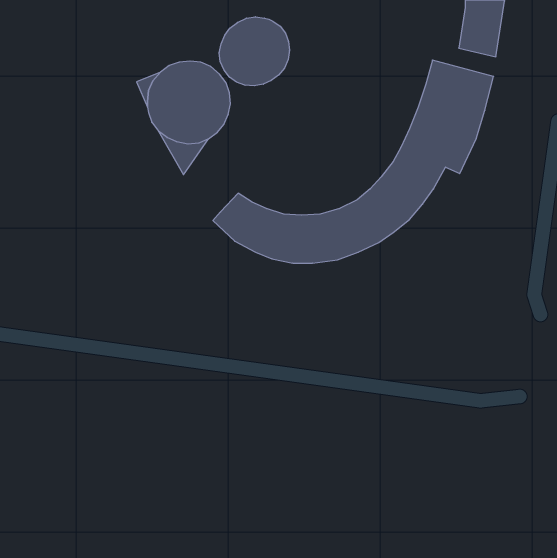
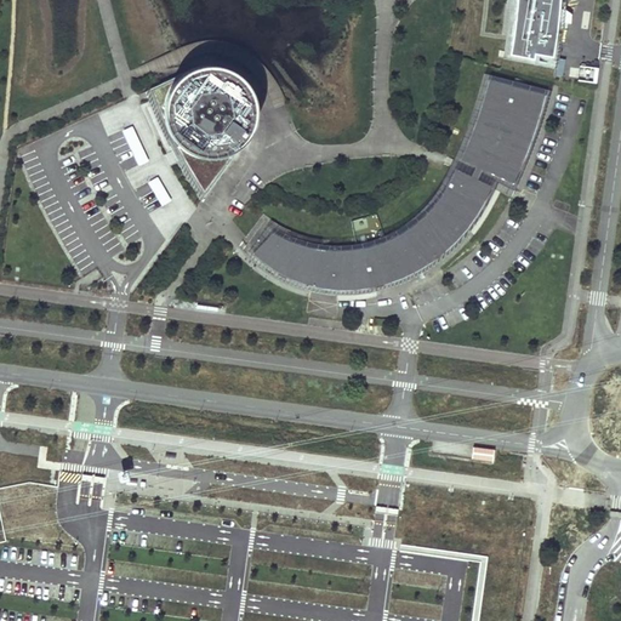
building: [219,17,289,86] -> none

